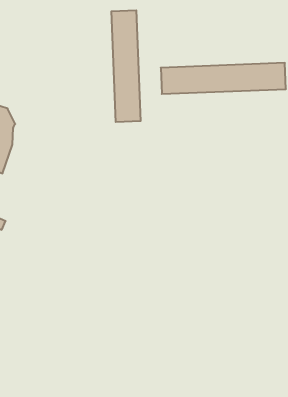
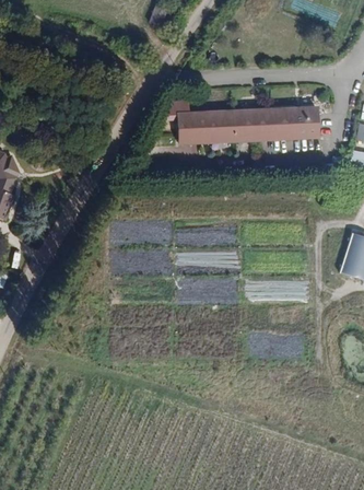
building: [111,10,141,122] -> none

